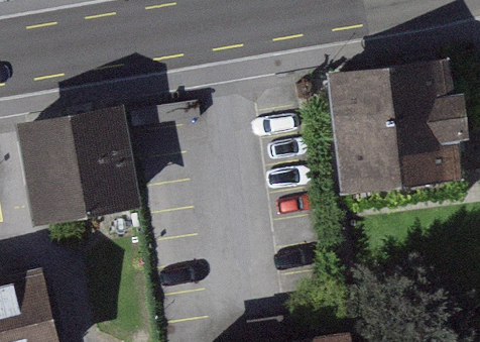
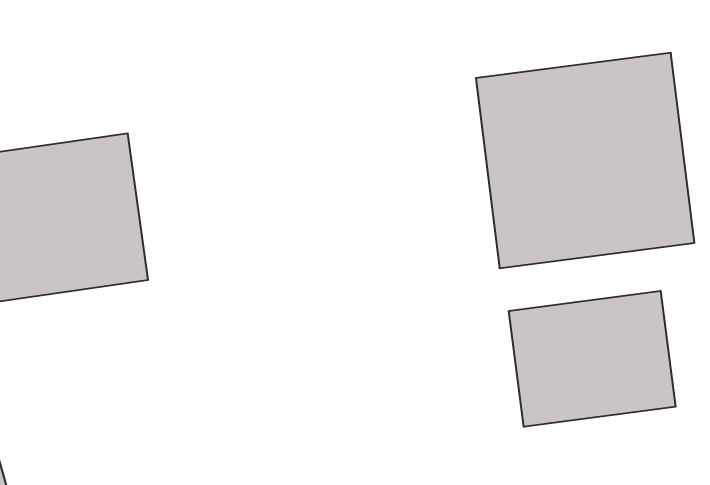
building: none -> [509,291,676,427]

